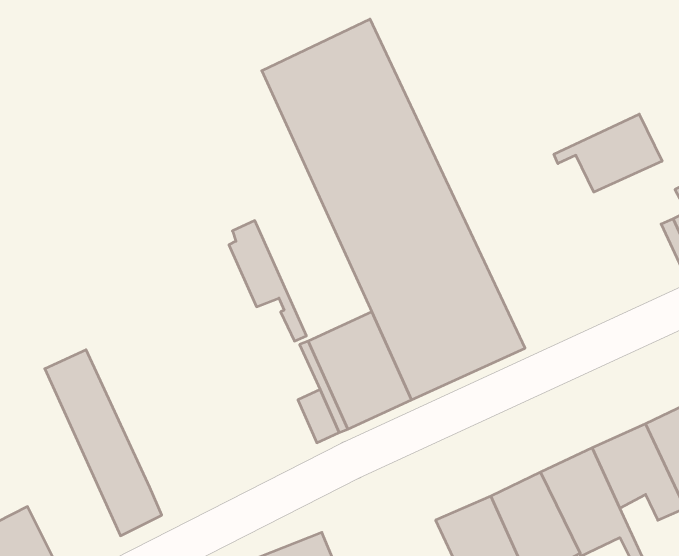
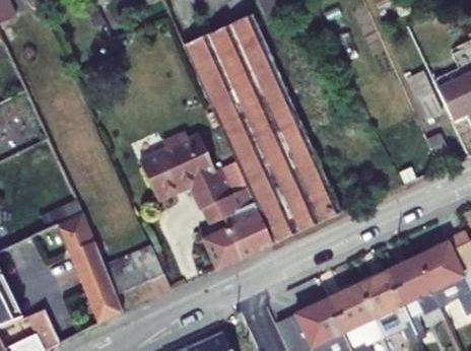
building: [554,114,662,192] -> none
building: none -> [180,133,233,204]
building: none -> [142,150,181,200]
building: none -> [106,245,163,293]

